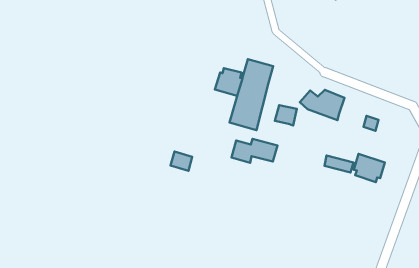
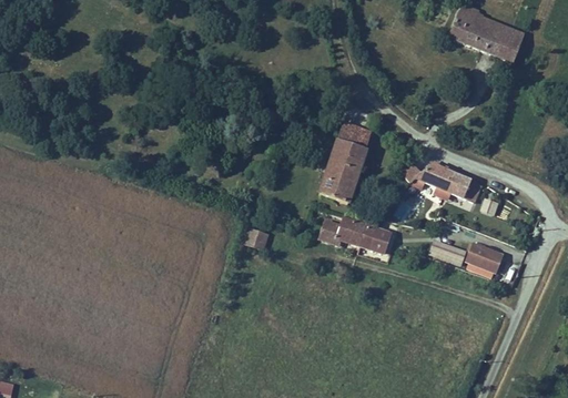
building: [215,68,242,96] -> none
building: none -> [449,174,480,203]
building: [275,105,297,125] -> [366,227,394,253]

